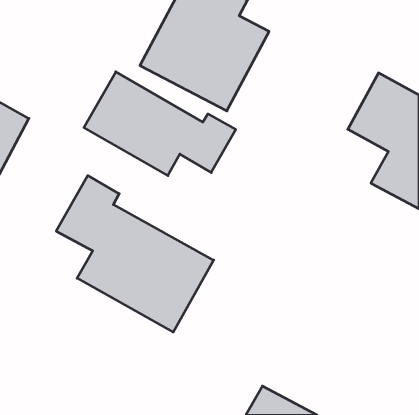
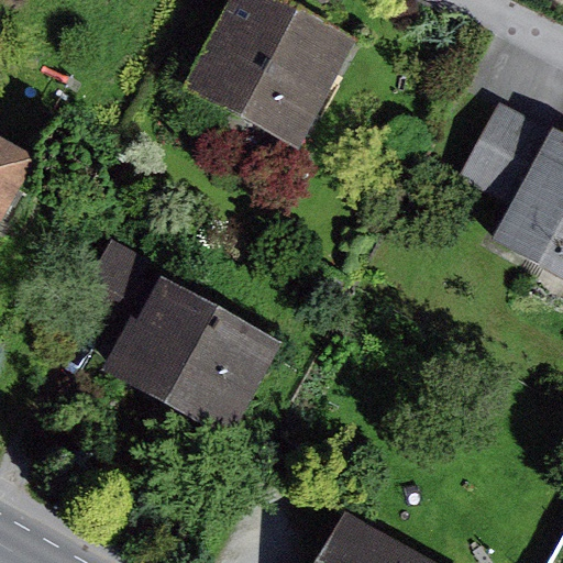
building: [84,72,236,176] -> none

